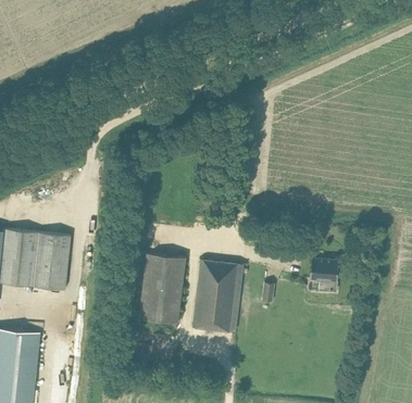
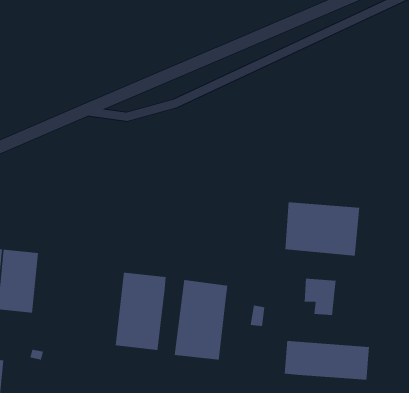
building: none -> [285,202,360,256]
building: none -> [284,340,370,381]

